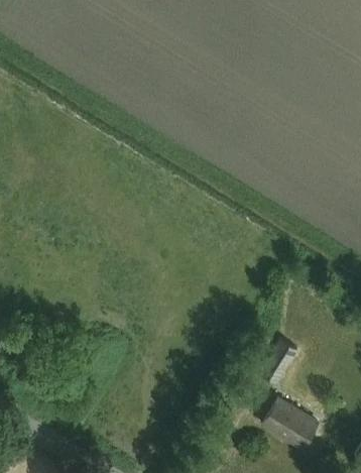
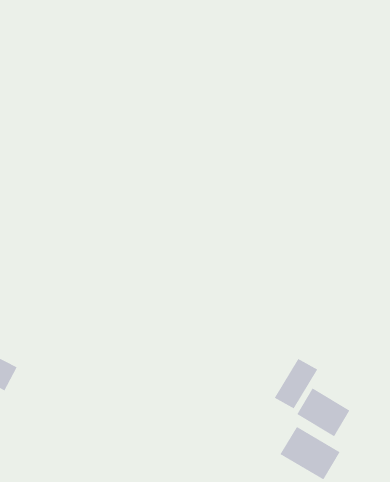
building: none -> [296,388,350,437]

